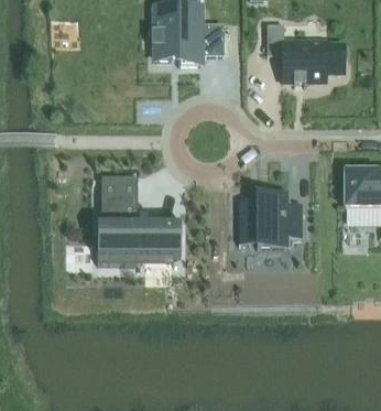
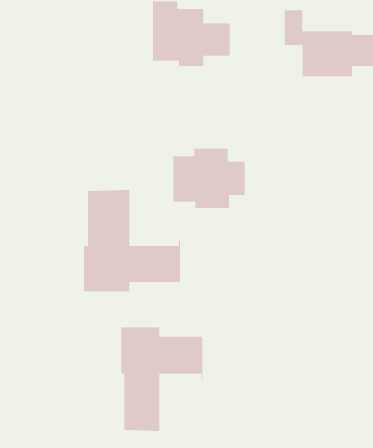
building: [239,194,301,246] -> [173,148,245,209]
building: none -> [120,326,203,432]

